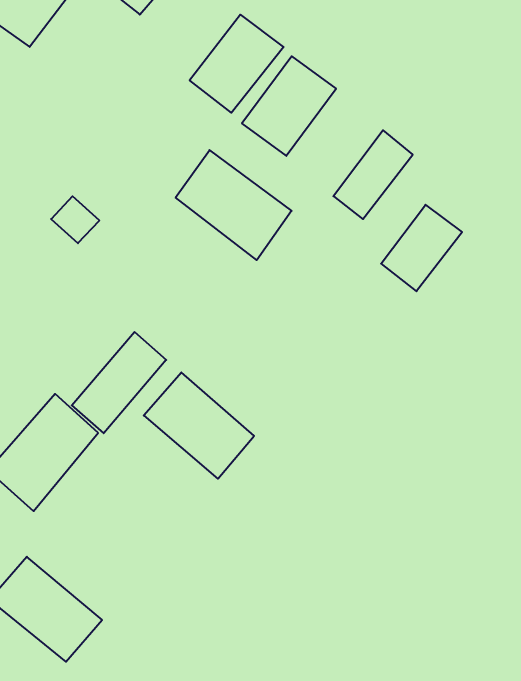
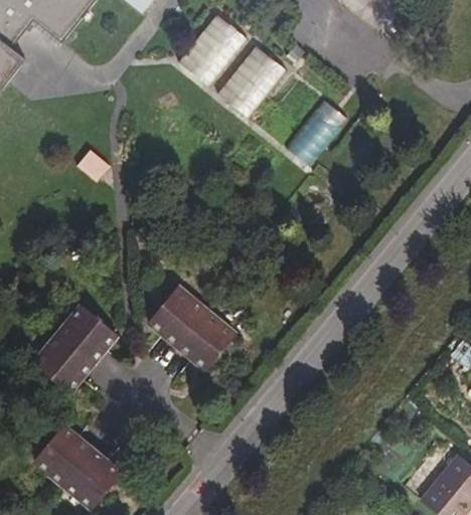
building: [176,150,292,260] -> none
building: [381,205,462,291] -> none
building: [72,332,166,433] -> none

